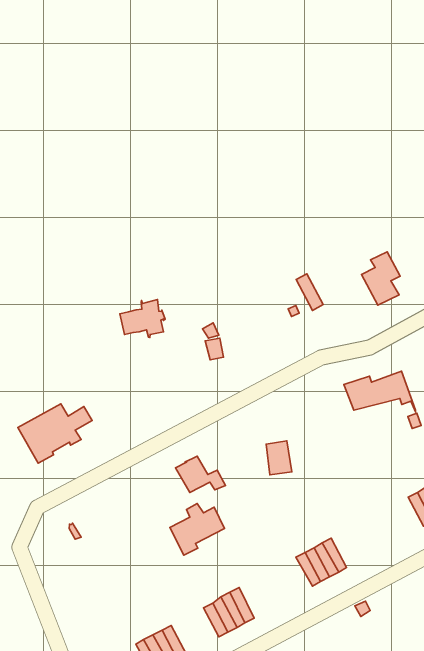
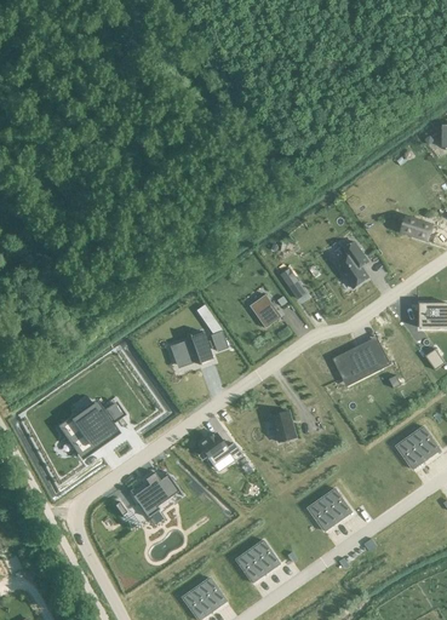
building: [120,300,165,337] -> [172,331,211,363]
building: none -> [250,294,281,327]
building: [170,504,225,555] -> [131,472,177,517]

